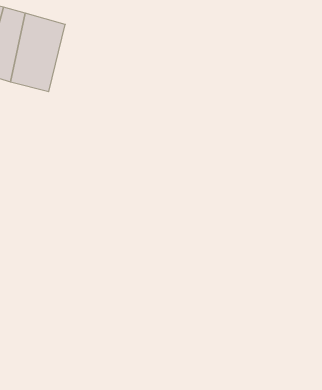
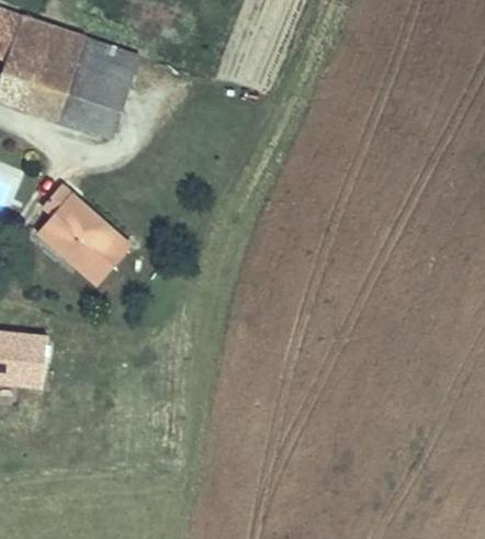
building: none -> [54,192,143,282]

